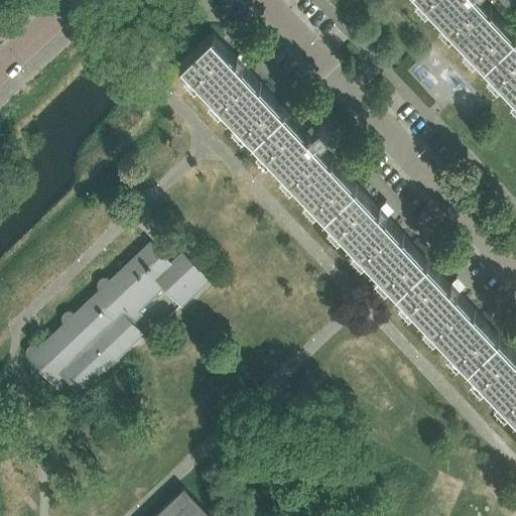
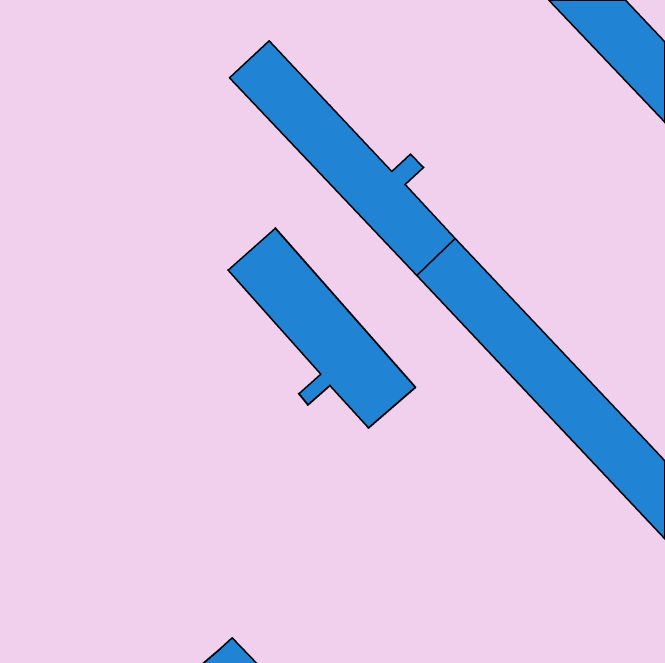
building: none -> [228,228,415,428]
building: [21,249,201,400] -> none

